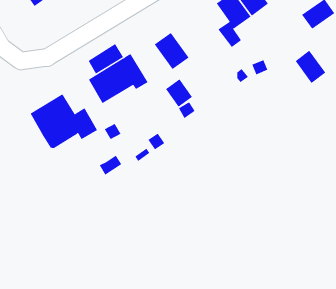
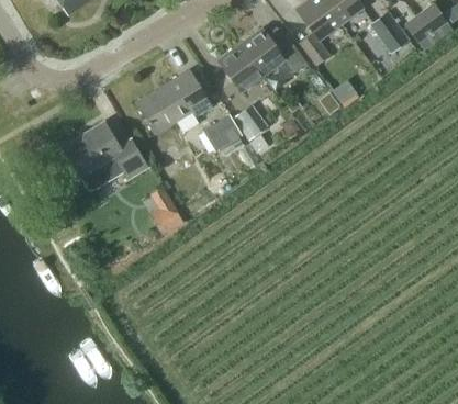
building: none -> [239,29,306,79]
building: [88,43,124,75] -> none
building: [295,50,326,84] -> [369,10,409,53]
building: none -> [201,112,241,150]

